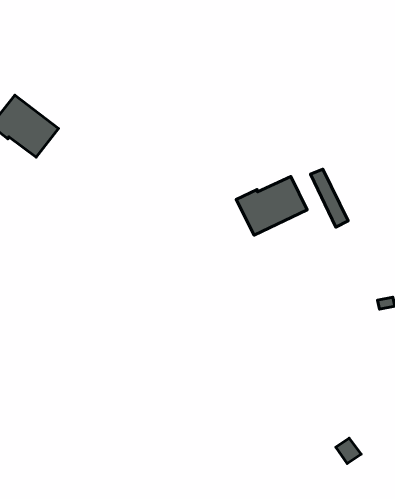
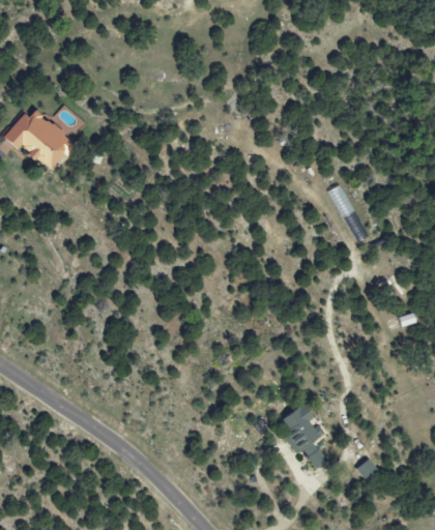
building: [236,176,307,235] -> none
building: none -> [280,404,326,467]

